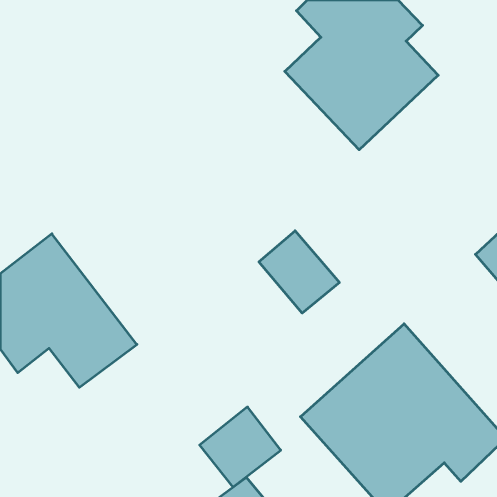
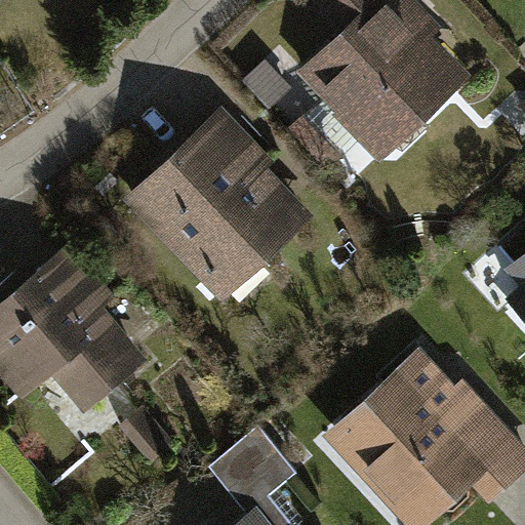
building: none -> [122,107,319,304]
building: [259,231,339,313] -> none

